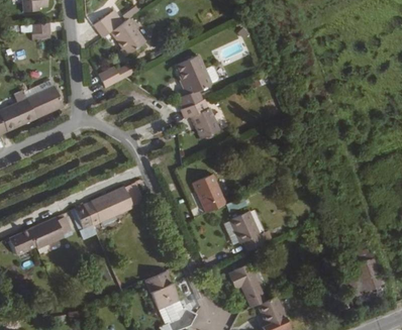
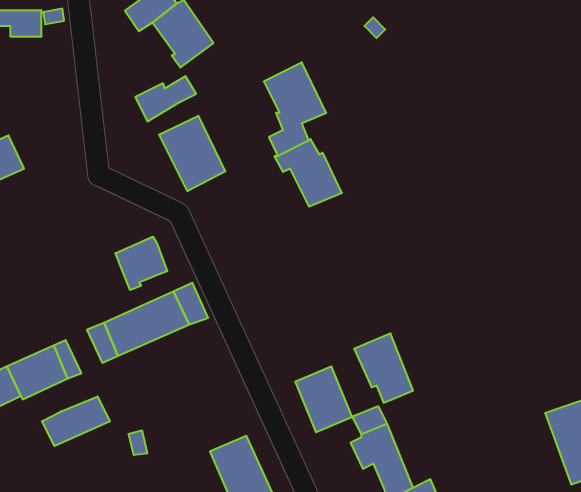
building: [28,83,64,115] -> none
building: none -> [159,116,225,191]
building: none -> [115,237,167,290]
building: [192,176,225,214] -> [295,366,352,432]
building: none -> [42,396,110,446]

